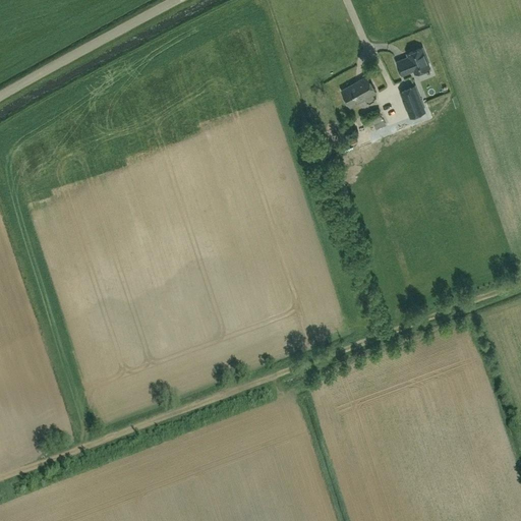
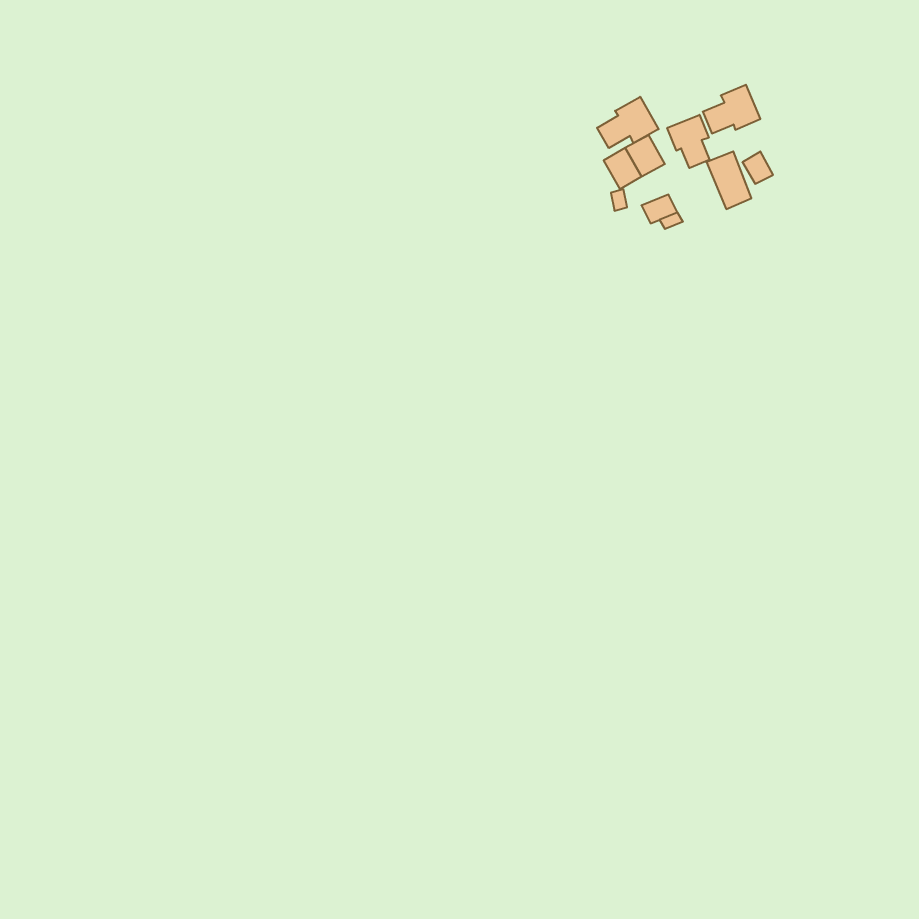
building: none -> [597,97,659,148]
building: none -> [667,115,710,168]

